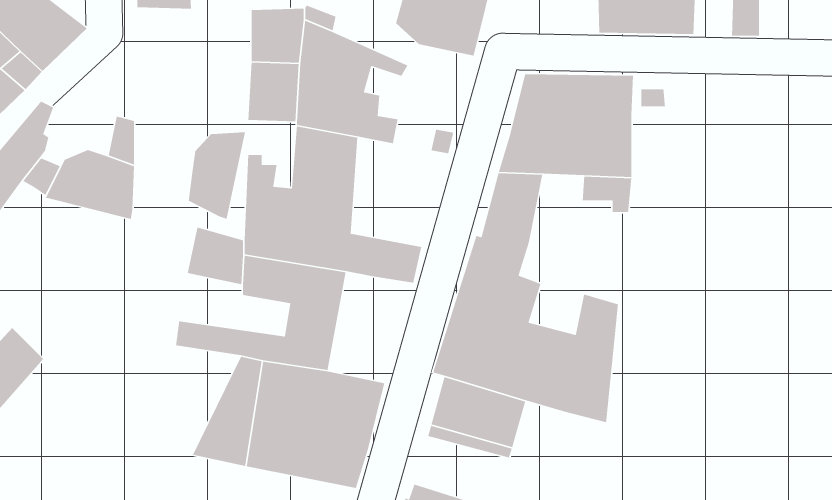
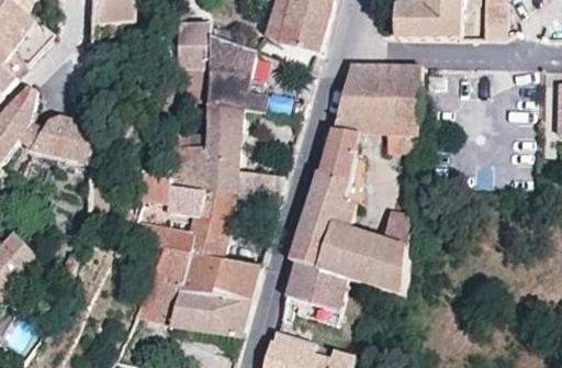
building: [188,130,246,220] -> none

